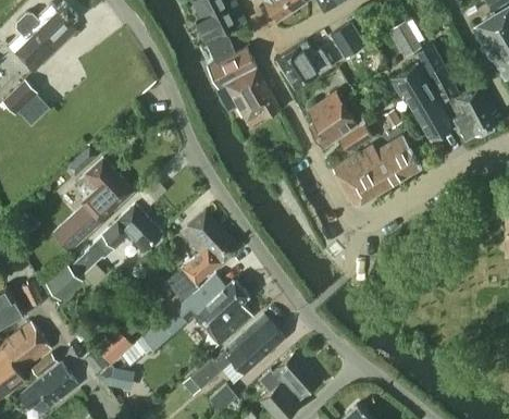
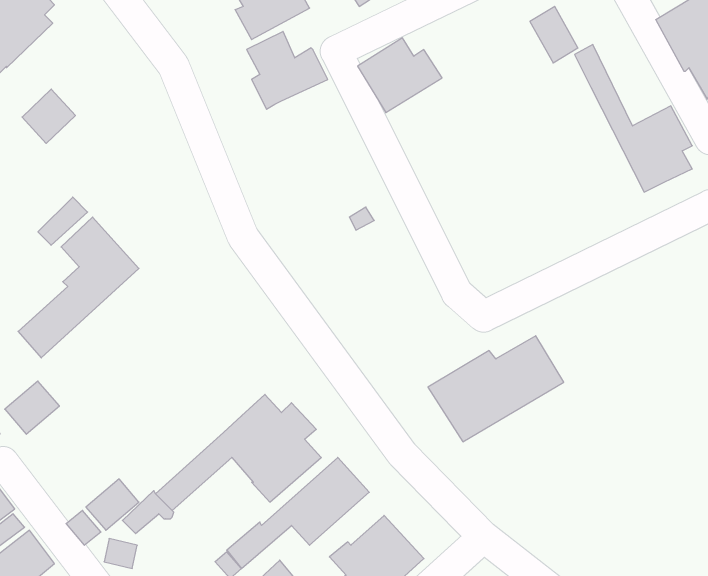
building: [330,22,365,58] -> none
building: [392,65,452,138] -> none
building: [215,67,280,120] -> none
building: none -> [22,89,75,143]
building: [308,93,372,152] -> none
building: [332,136,421,206] -> [428,336,564,442]
building: [74,206,163,284] -> none
building: [172,210,238,299] -> none

